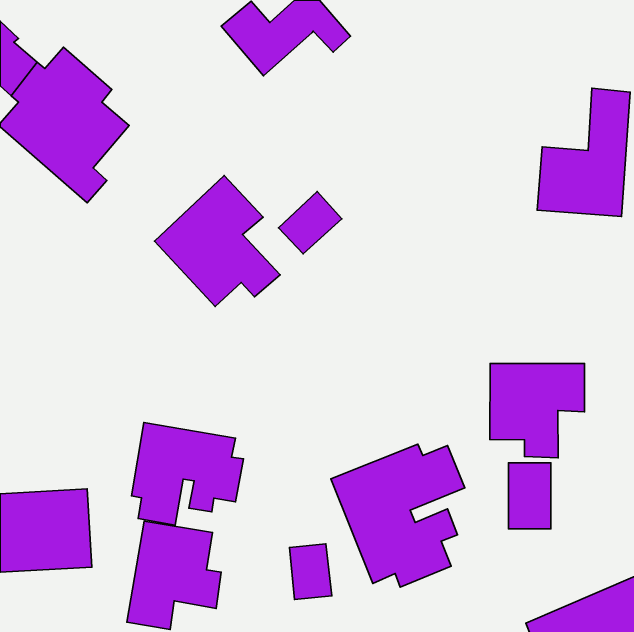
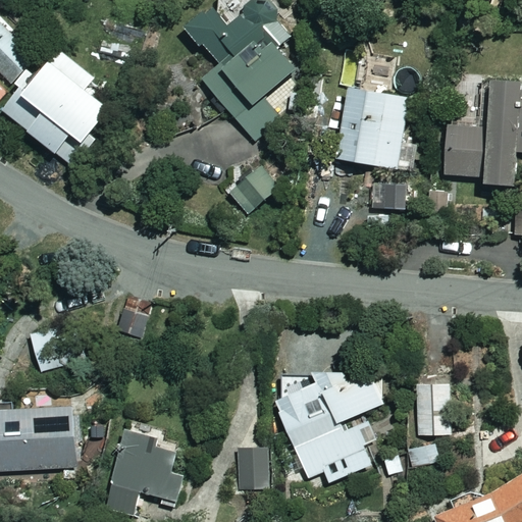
building: none -> [201,29,292,144]
building: none -> [334,86,416,171]
building: [155,176,280,307] -> none
building: [490,363,585,458] -> none
building: [132,422,243,525] -> none

